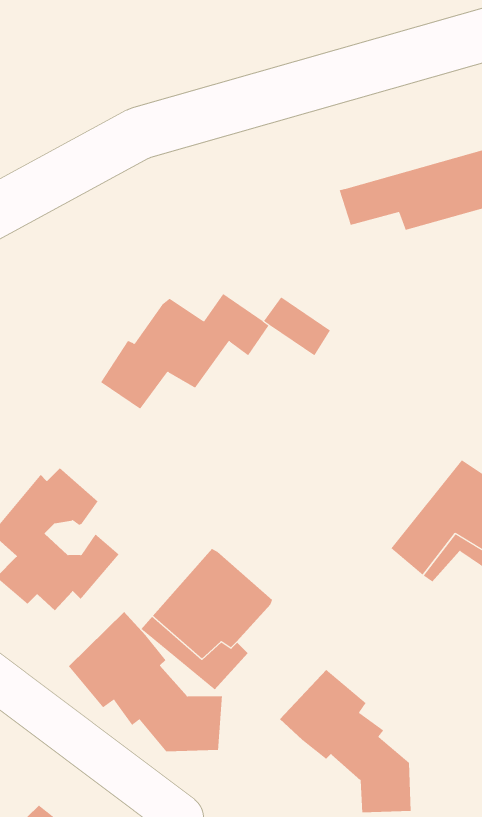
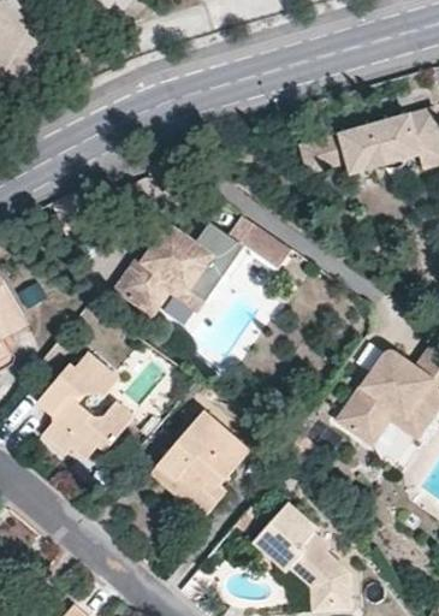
building: none -> [148,259,229,313]
building: [68,611,222,752] -> none

